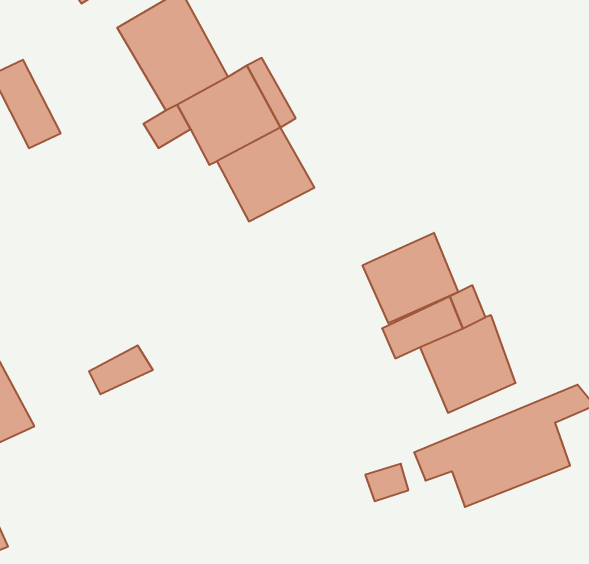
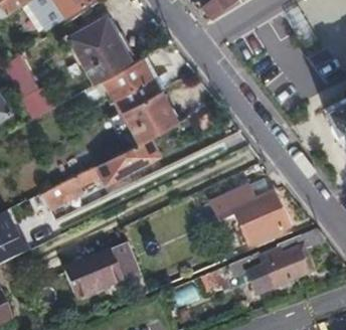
building: none -> [41,139,156,210]
building: [363,233,458,323] -> none
building: none -> [65,242,141,299]

